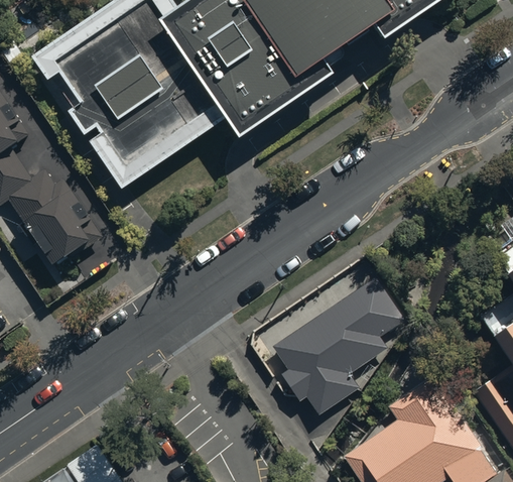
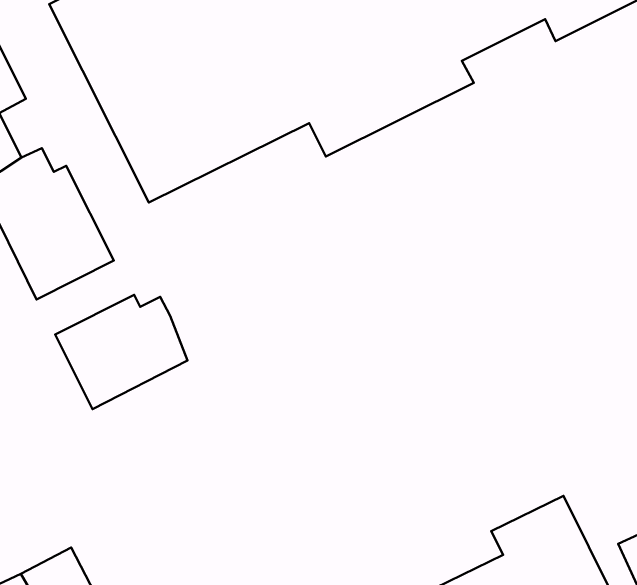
building: none -> [55,295,188,409]
building: [271,270,403,407] -> none

